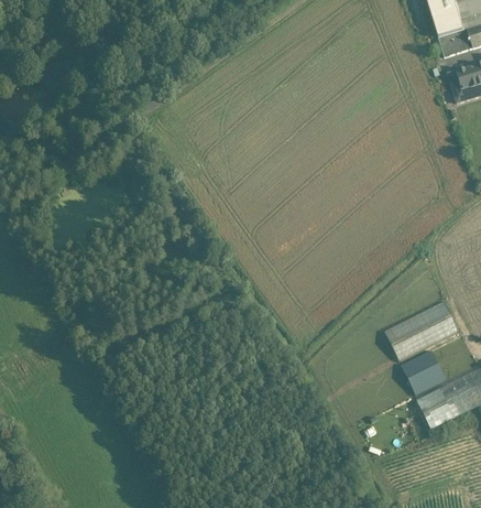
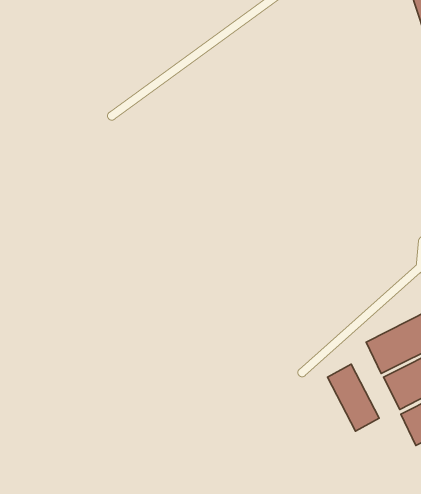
building: none -> [328,364,379,431]

